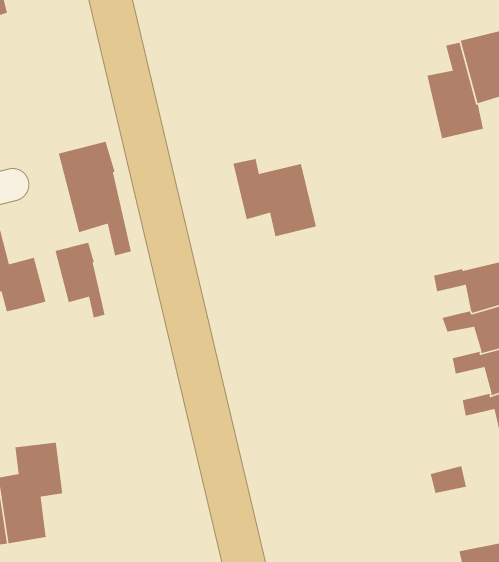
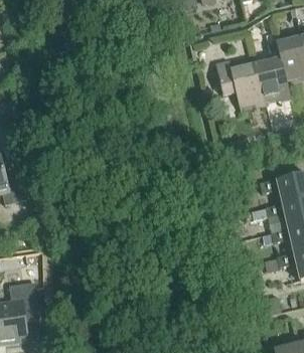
building: [58,141,132,256] -> none
building: [233,158,317,237] -> [214,58,265,106]
building: [55,242,105,318] -> none

